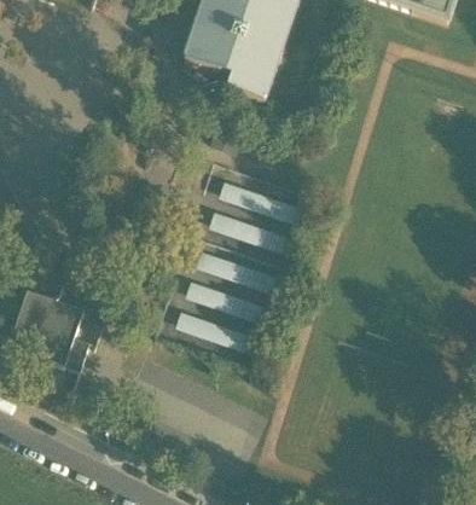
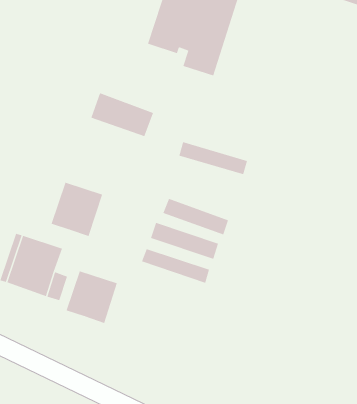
building: [215,211,291,265] -> [90,93,154,137]
building: none -> [51,182,103,237]
building: none -> [66,270,118,324]

